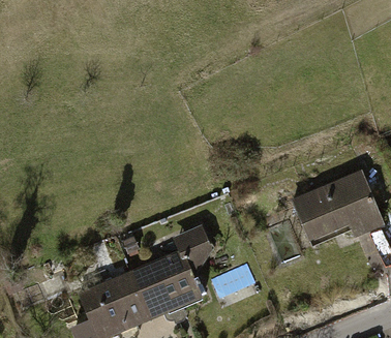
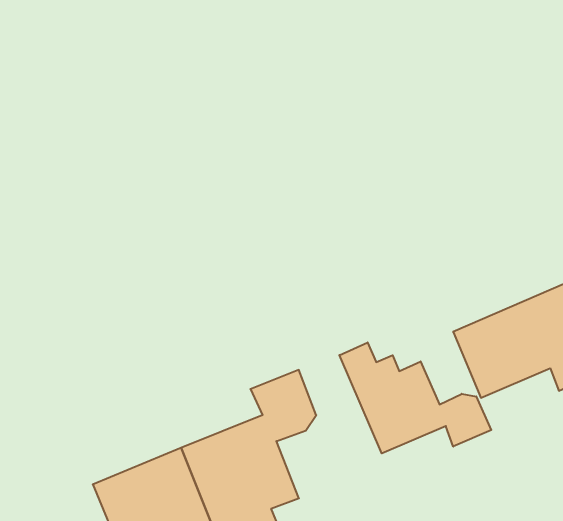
building: none -> [339,342,491,453]

